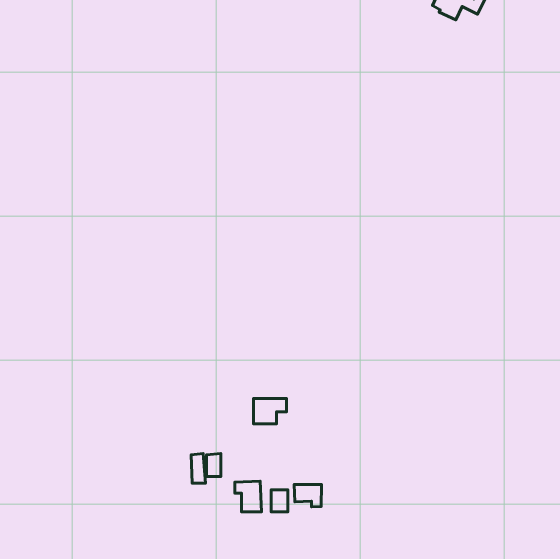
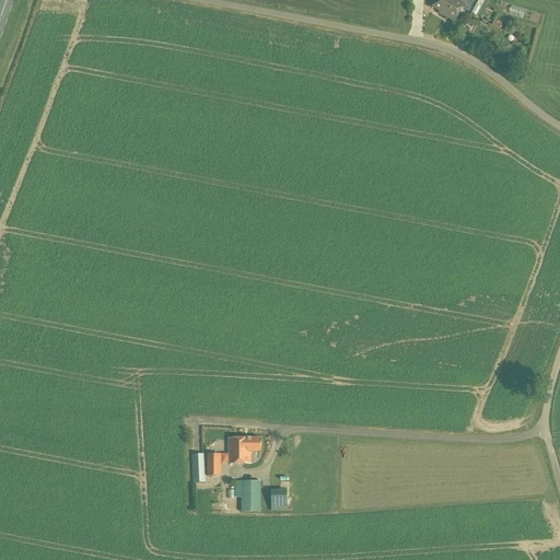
building: [253,399,286,424] -> [228,436,260,462]
building: [294,484,321,507] -> none

